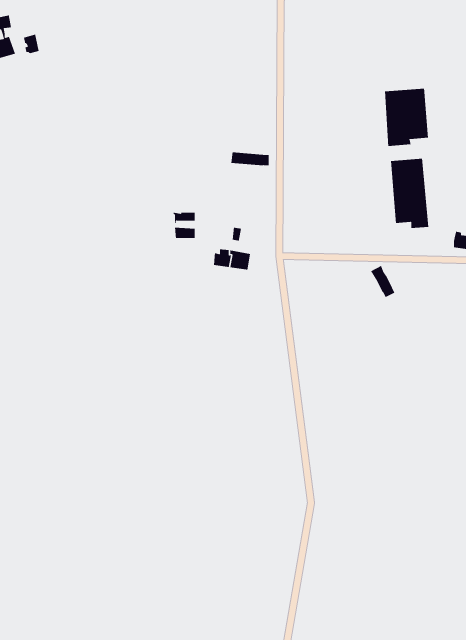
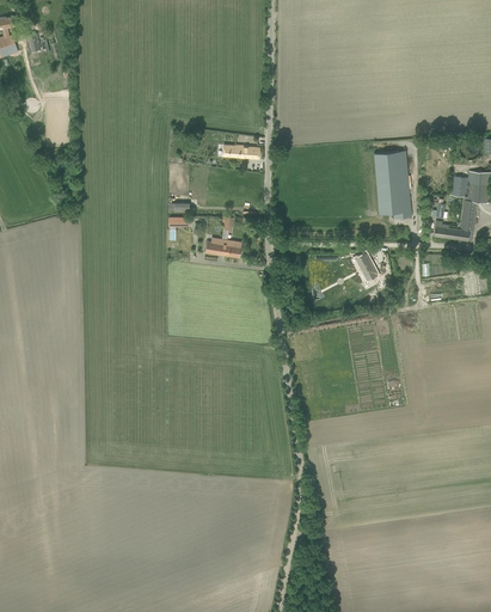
building: [384,88,429,147] -> none

